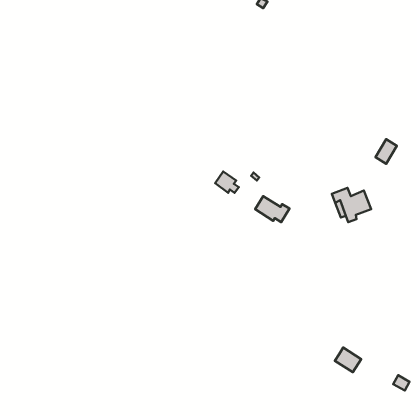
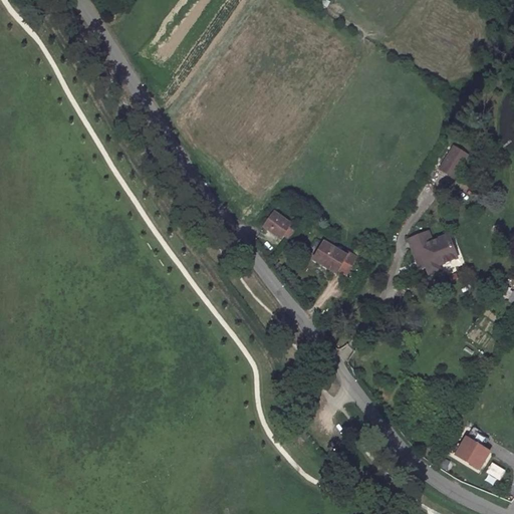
building: [376,139,397,164] -> [440,146,466,176]
building: [335,348,361,372] -> [456,436,488,466]

